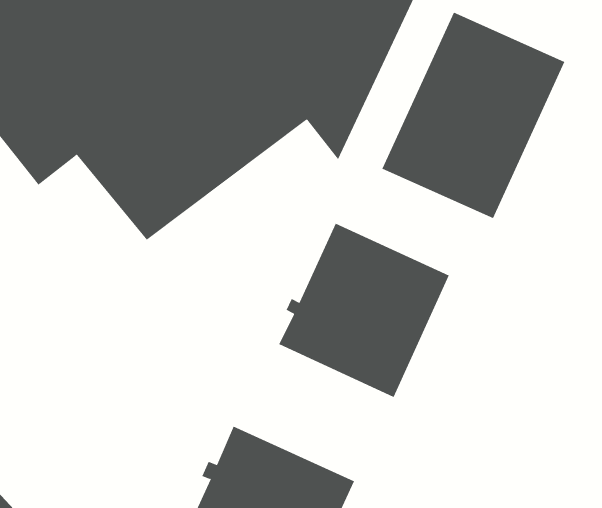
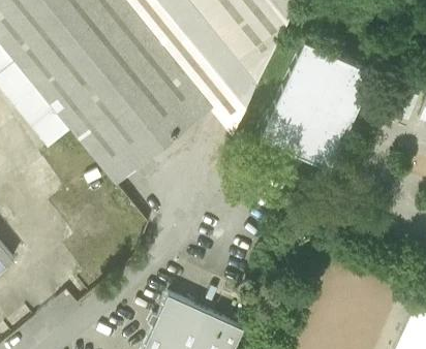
building: [279,223,450,398] -> none

